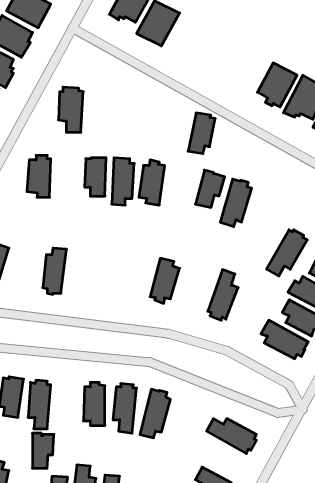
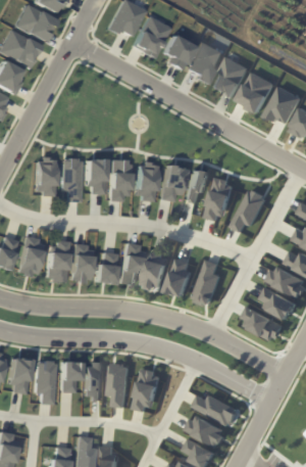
building: none -> [165,35,196,71]
building: none -> [191,41,227,85]
building: none -> [214,56,253,98]
building: [58,87,83,132] -> [60,156,83,197]
building: [188,113,215,154] -> [161,165,186,201]
building: [267,230,307,276] -> [235,190,271,232]
building: none -> [19,236,45,277]
building: none -> [120,242,146,286]
building: none -> [71,243,94,283]
building: none -> [96,251,118,283]
building: none -> [169,259,196,295]
building: [32,433,54,468] -> [62,361,82,392]
building: none -> [190,415,229,448]

